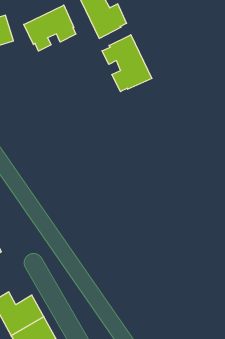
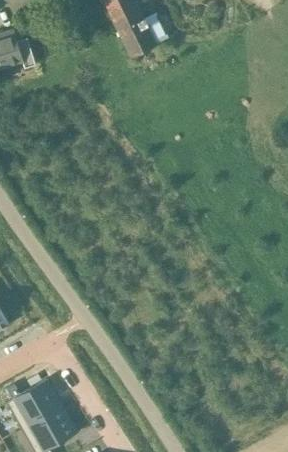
building: [24,5,76,51] -> none
building: [102,35,152,92] -> none

